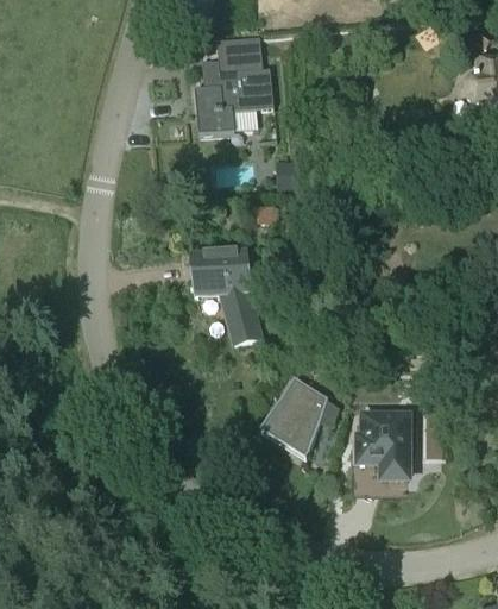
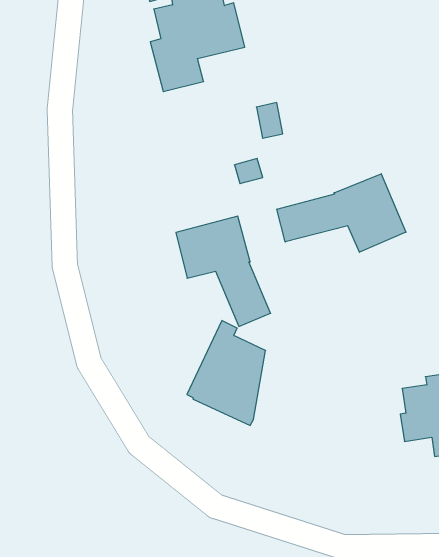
building: none -> [277,174,406,252]
building: [257,369,329,462] -> [187,321,266,425]

